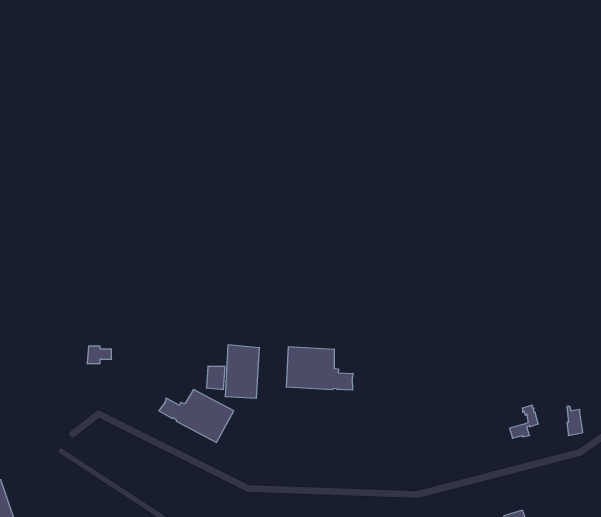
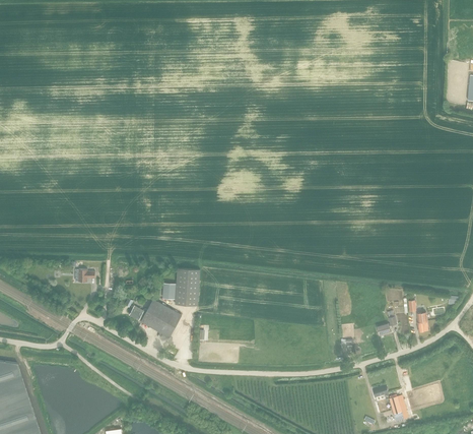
building: [287,347,353,390] -> none

